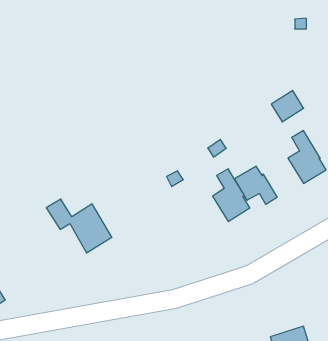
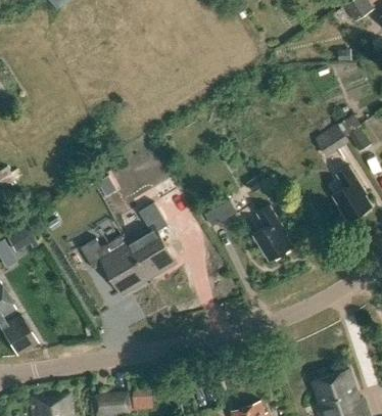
building: none -> [129,202,176,277]
building: [234,166,277,204] -> none

